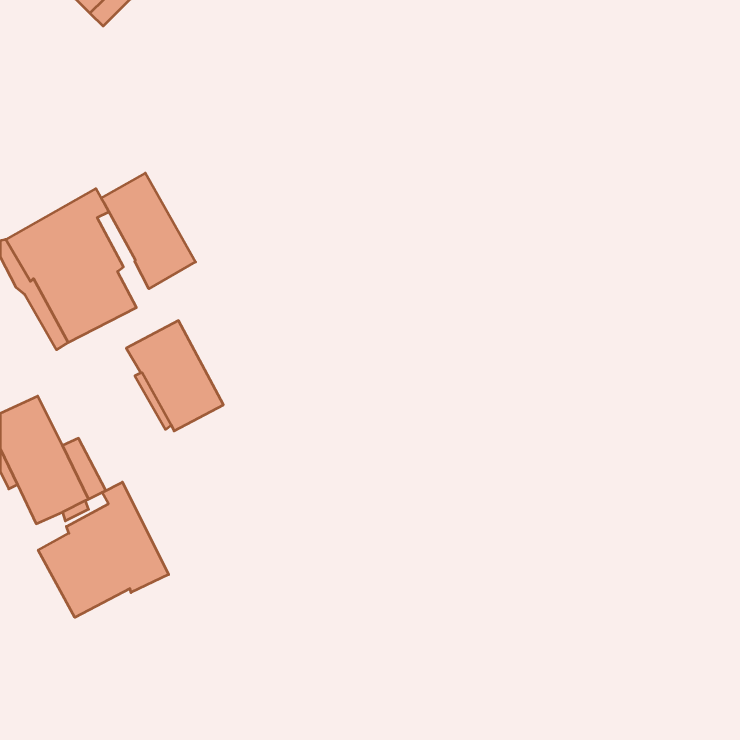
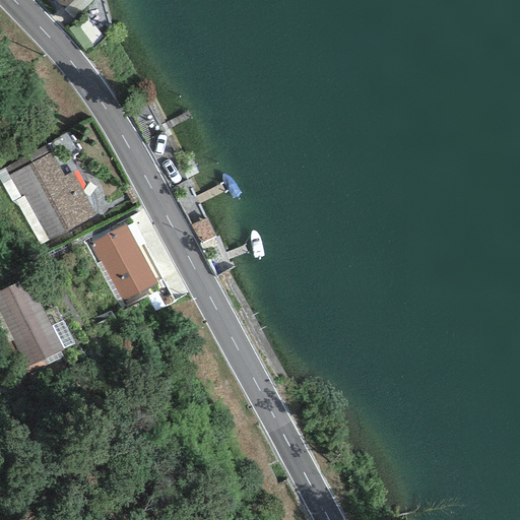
building: [101,173,196,289] -> none
building: [38,482,169,617] -> none

